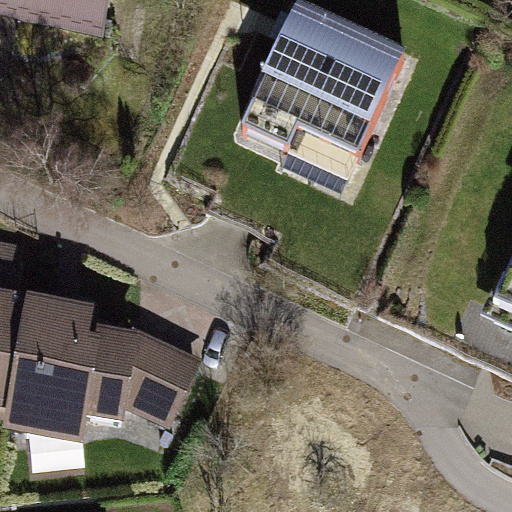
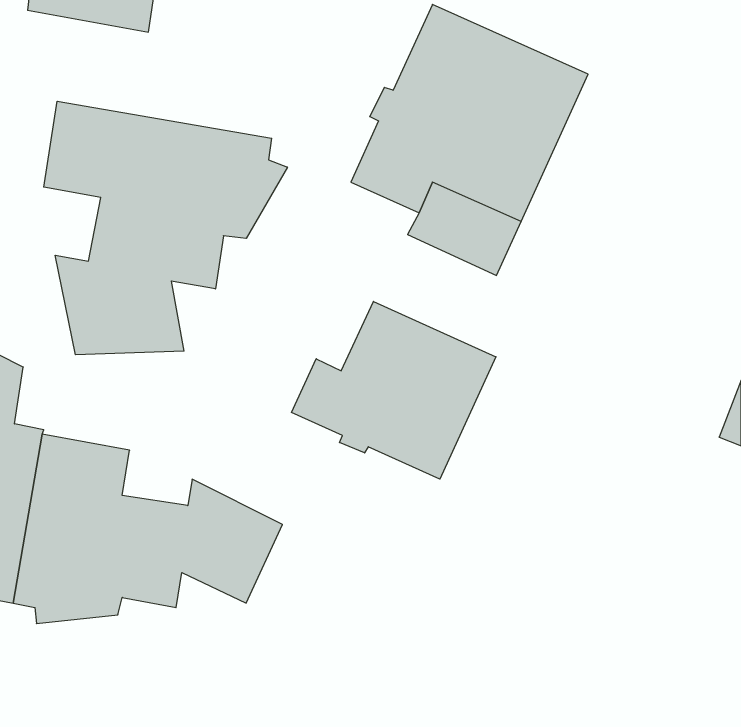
building: none -> [44,101,287,355]
building: none -> [292,301,496,479]

